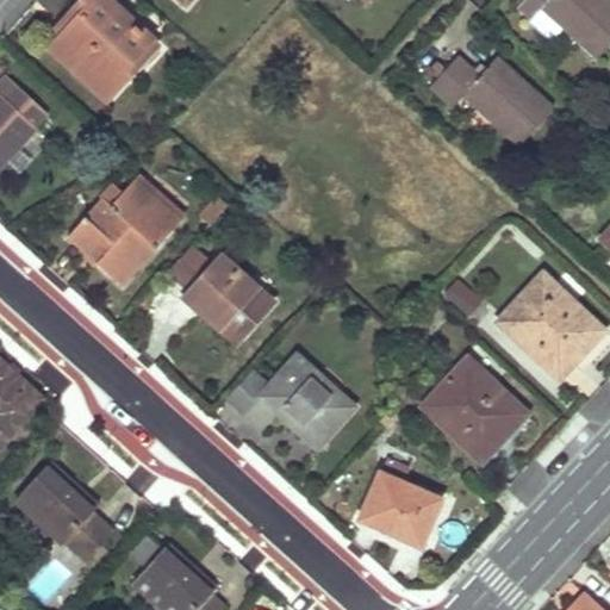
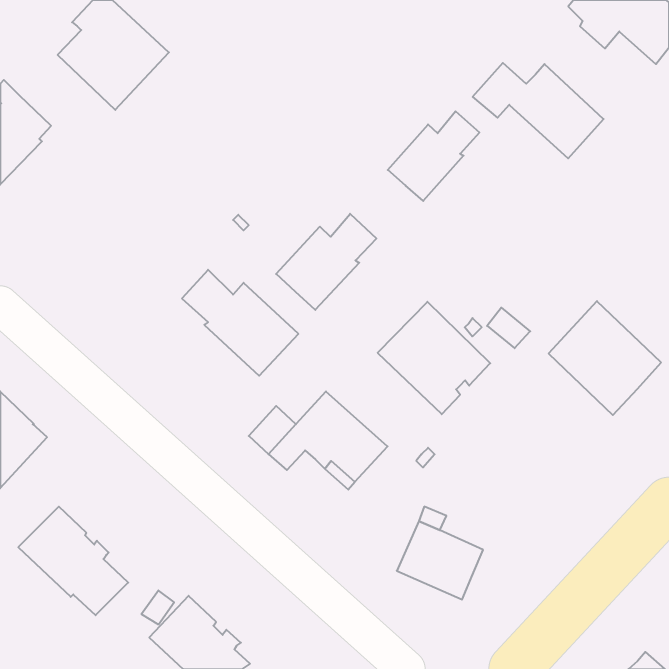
building: none -> [388,111,479,201]
building: [67,180,181,286] -> none
building: none -> [276,214,376,310]
building: [423,359,525,461] -> [378,302,490,414]

